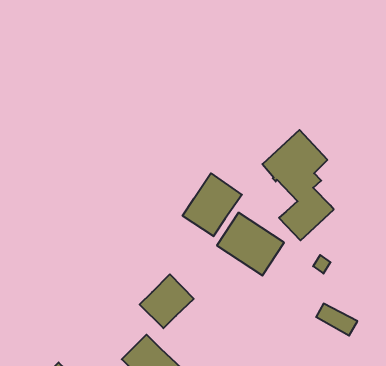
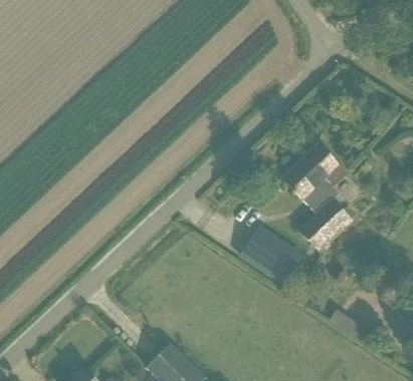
building: [183,173,242,236] -> none
building: [140,274,194,328] -> none

